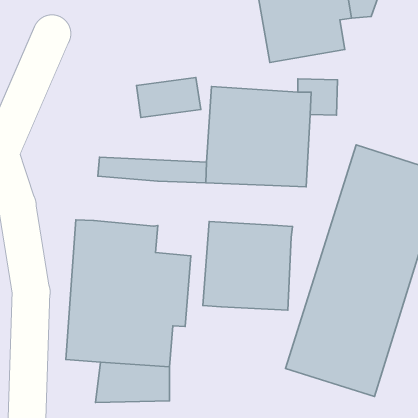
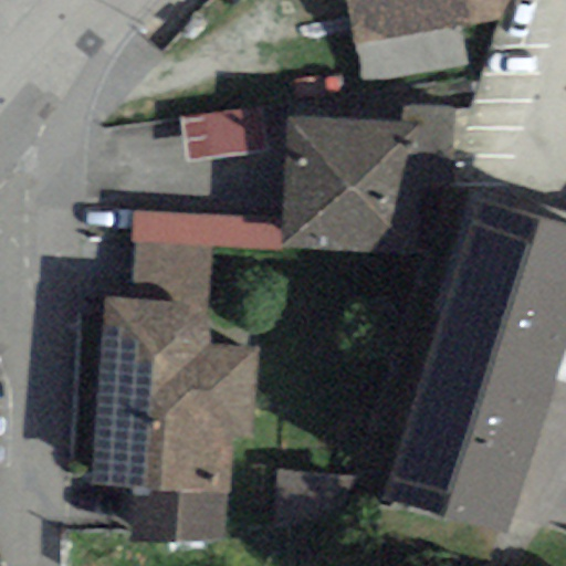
building: none -> [129,237,216,304]
building: [203,221,293,310] -> none

